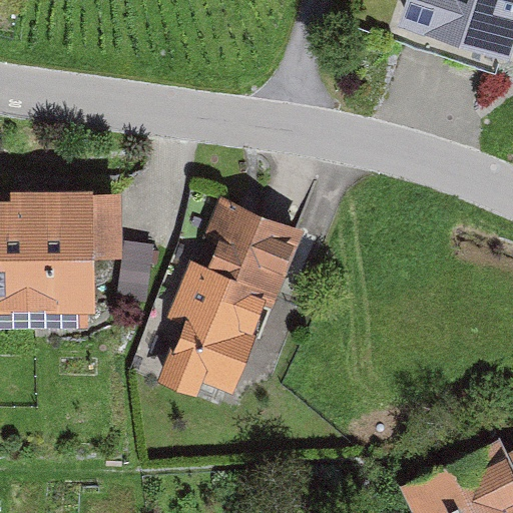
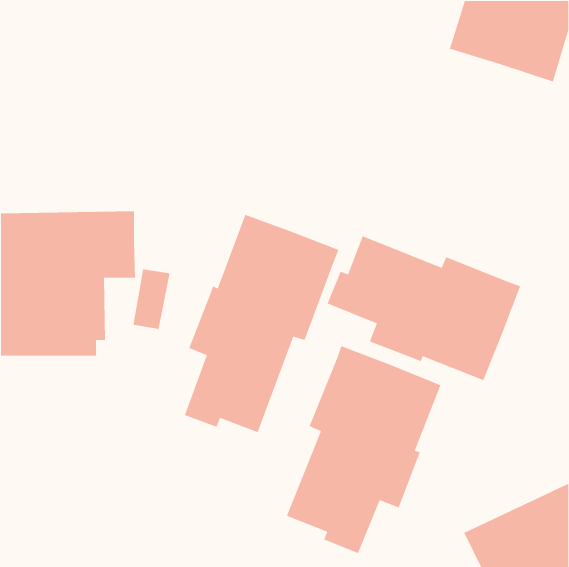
building: none -> [327,235,521,381]
building: none -> [286,345,442,554]

